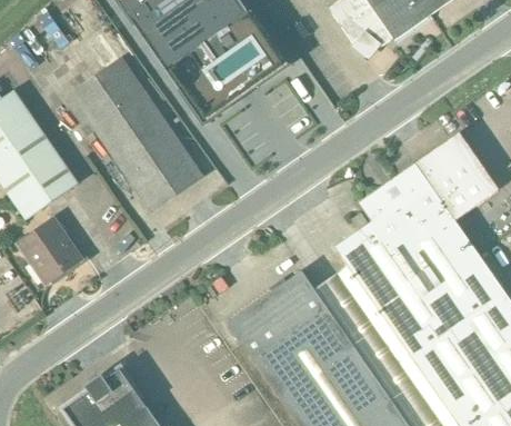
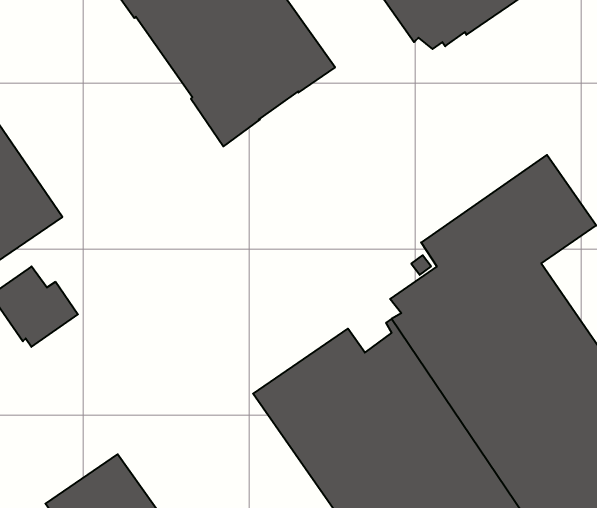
building: [69,58,202,212] -> none

